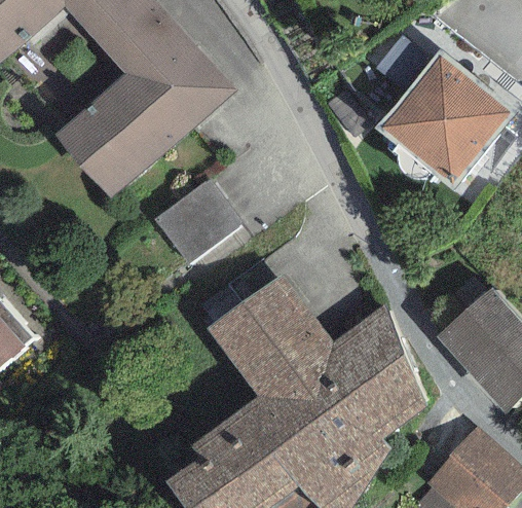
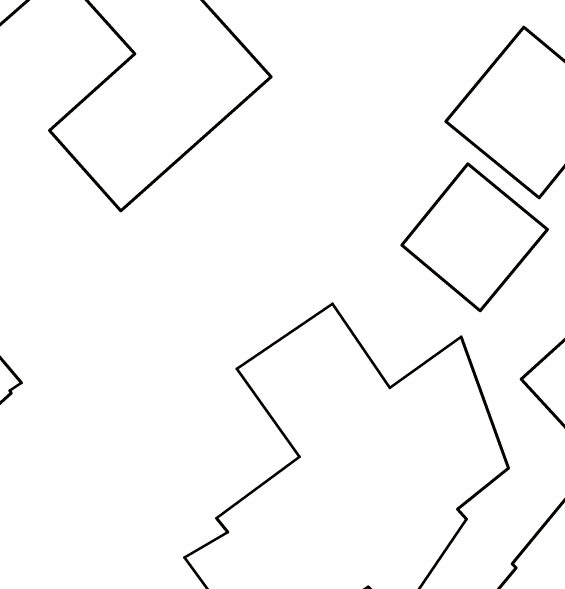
building: none -> [402,164,548,311]
building: [154,180,239,262] -> none

